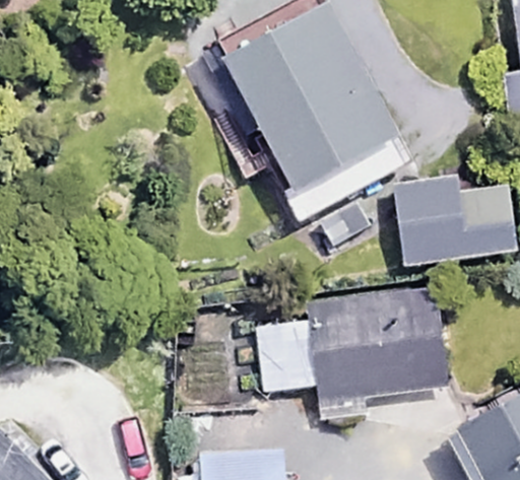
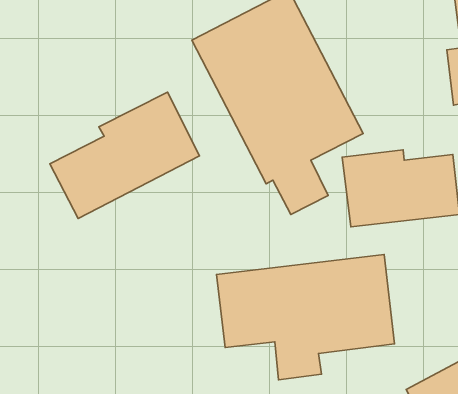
building: none -> [50,92,199,218]

